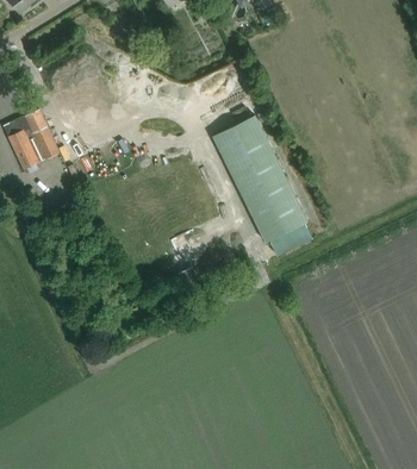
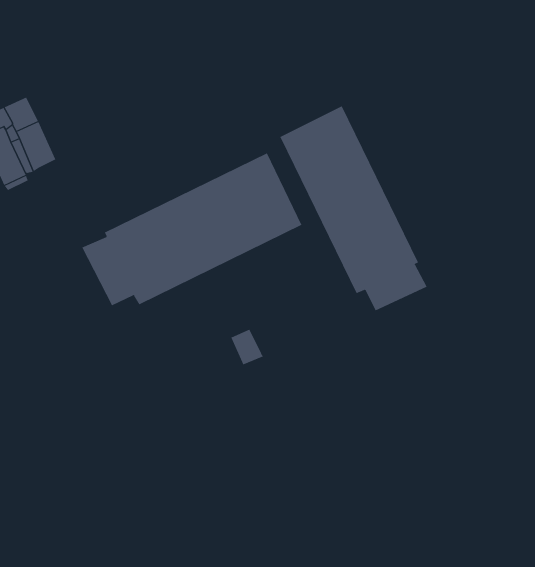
building: none -> [82,153,302,306]

